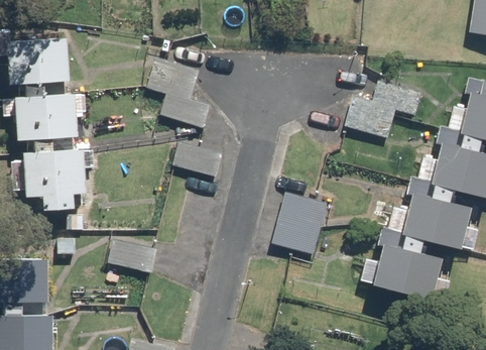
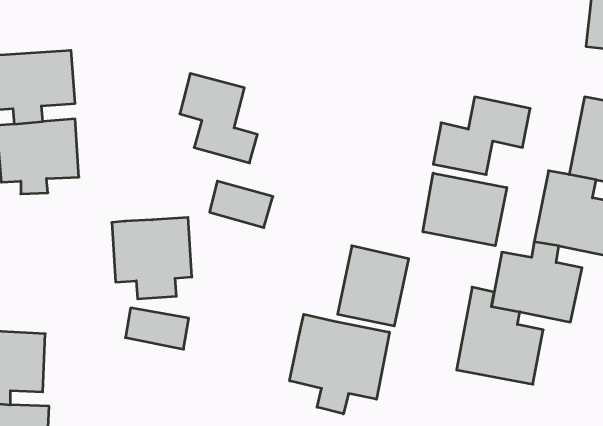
building: none -> [423,173,507,246]
building: [20,148,83,212] -> [112,217,192,299]
building: none -> [290,314,389,414]

